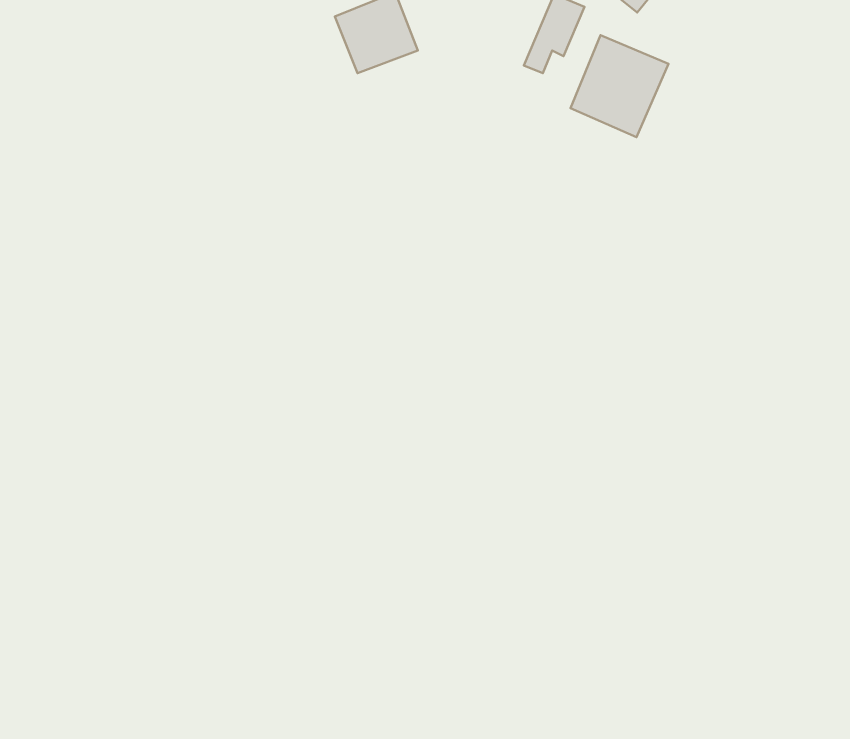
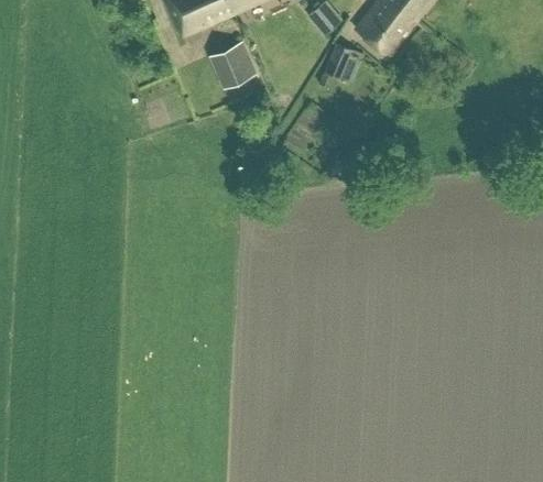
building: [570,35,669,137] -> none

